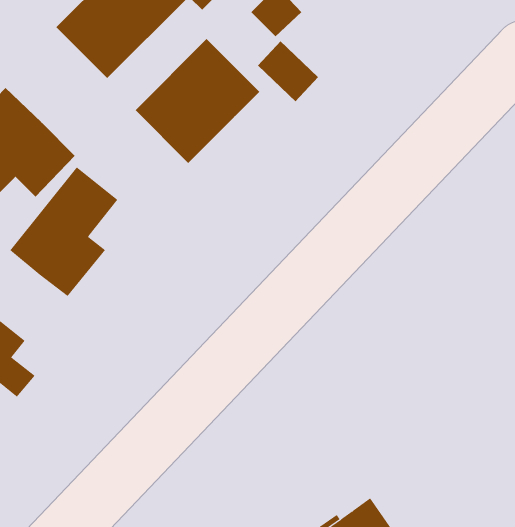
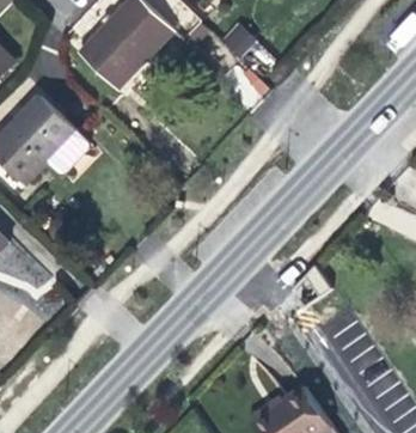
building: [135,38,260,164] -> none
building: [9,166,118,297] -> none

